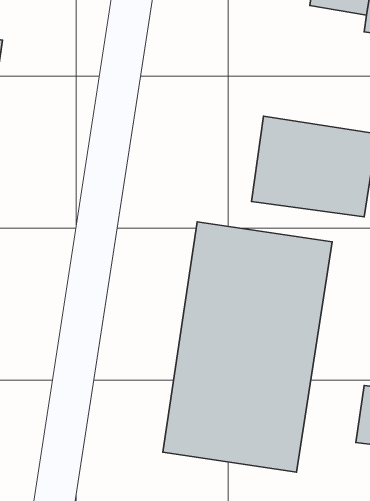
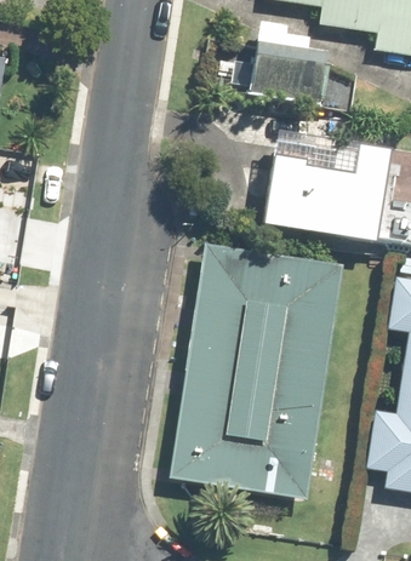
building: none -> [247,36,329,103]

